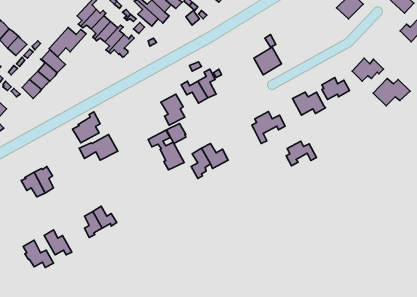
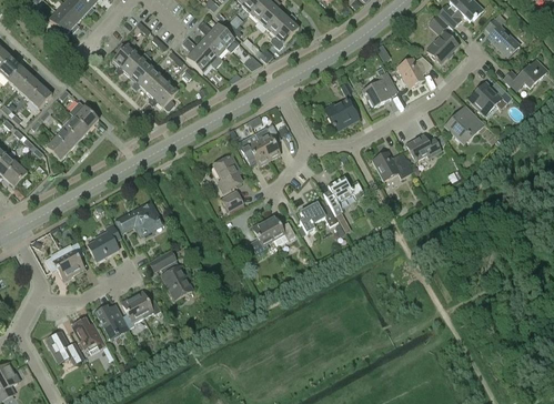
building: none -> [397,54,431,85]
building: none -> [362,71,396,105]
building: [49,28,86,57] -> none
building: [373,78,410,106] -> [467,81,512,114]
building: [73,112,100,143] -> [87,222,120,260]
building: [148,130,184,170] -> [149,250,192,297]
building: [286,141,316,166] -> [299,201,335,231]
building: none -> [95,304,128,337]

